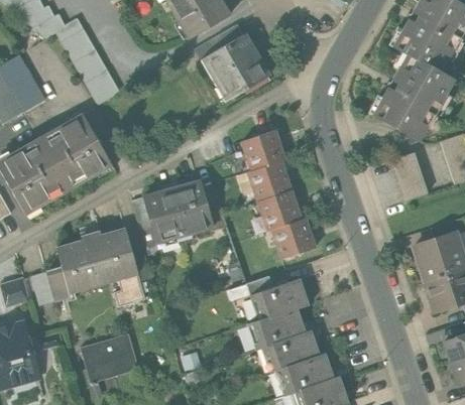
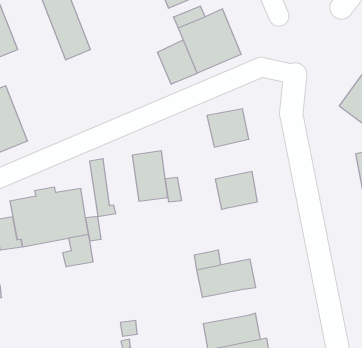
building: none -> [158,40,197,84]
building: [39,113,111,188] -> none
building: [247,160,293,202] -> none
building: [144,189,185,242] -> none
building: [271,219,315,259] -> none
building: [249,307,307,349] -> none
building: [80,331,139,382] -> none

